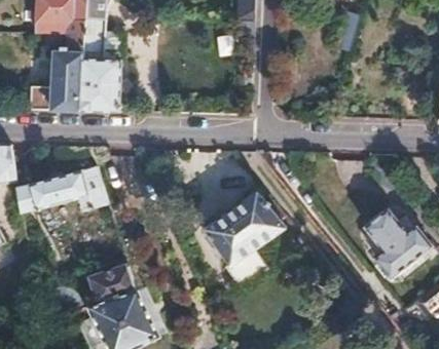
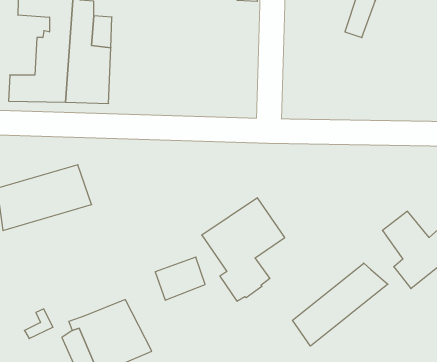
building: none -> [292,263,388,346]
building: [88,263,134,302] -> [155,257,205,300]

